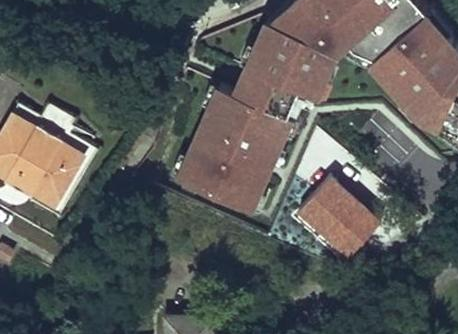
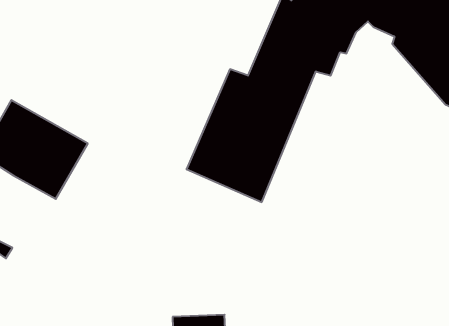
building: [289,171,382,262] -> none

